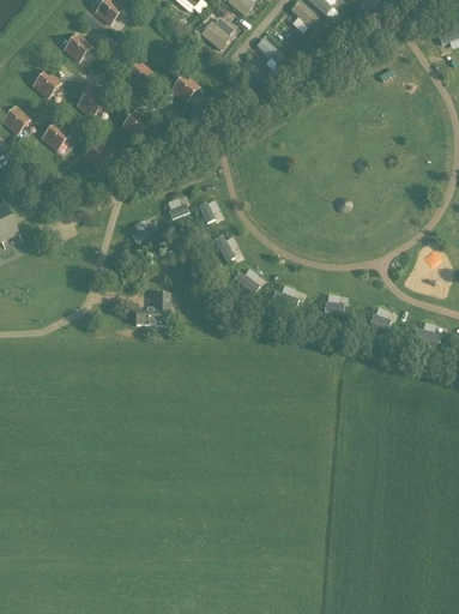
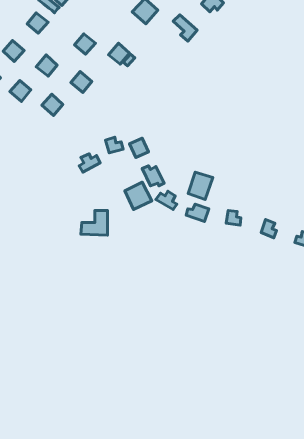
building: none -> [188,172,213,199]
building: none -> [125,182,152,209]

